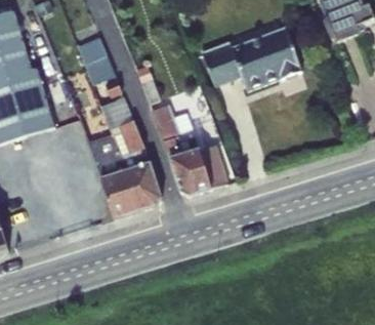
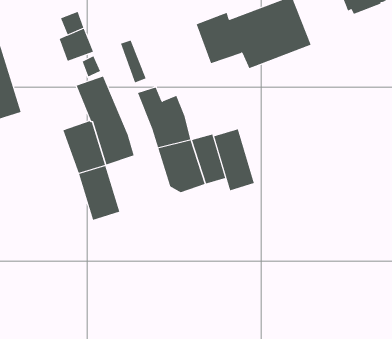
building: none -> [213,129,255,191]
building: [125,163,161,211] -> none

